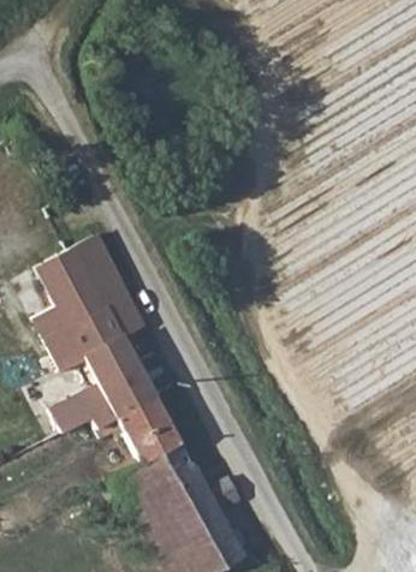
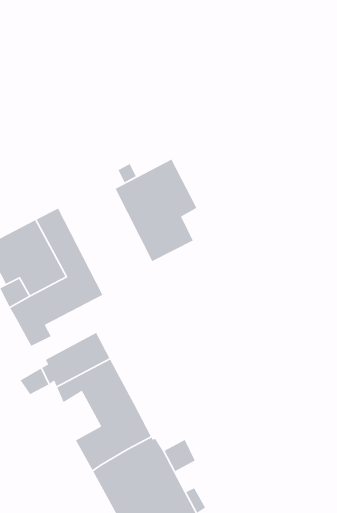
building: none -> [115,159,198,262]
building: [78,326,164,394] -> none

